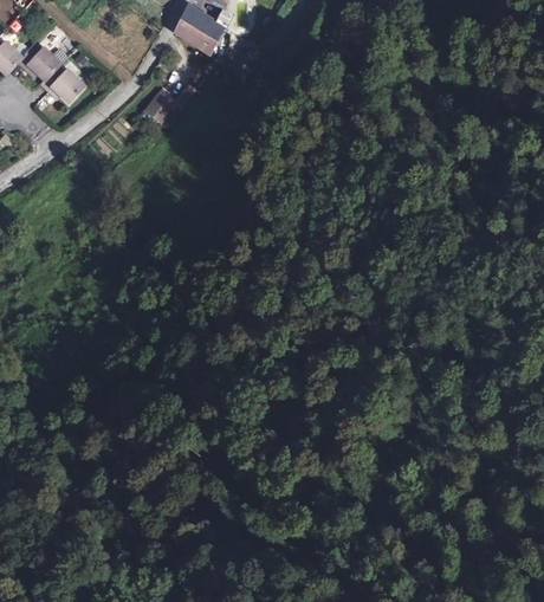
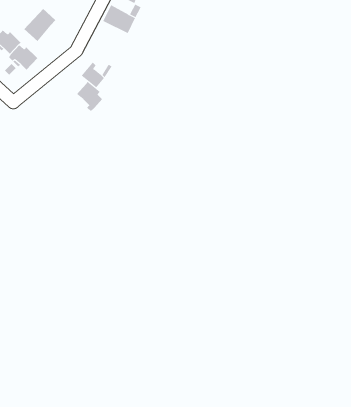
building: none -> [23,8,56,42]
building: none -> [76,81,103,112]

